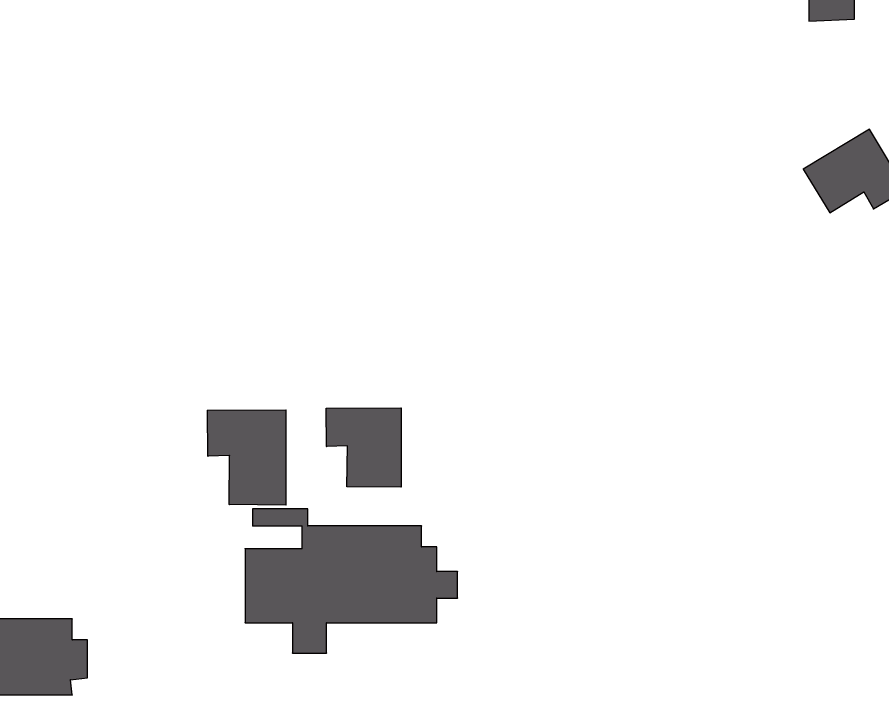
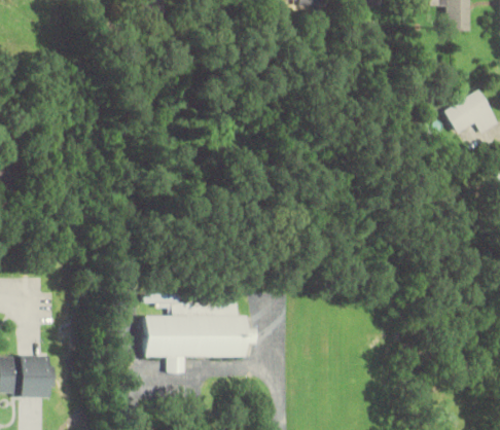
building: [326,408,401,487] -> none
building: [207,410,286,505] -> none

